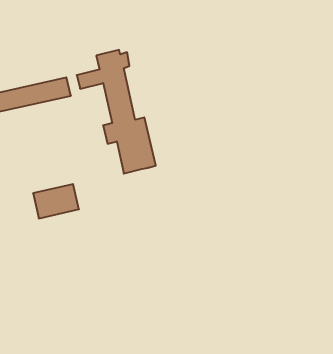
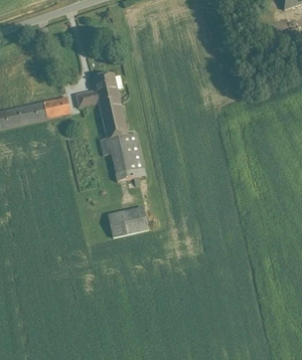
building: [33,184,79,218] -> [108,206,148,236]

